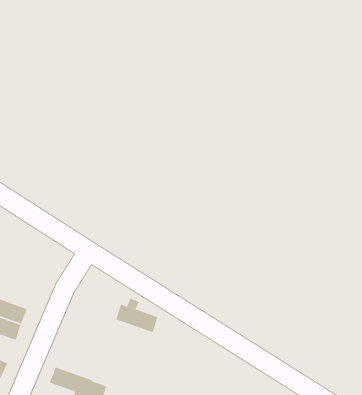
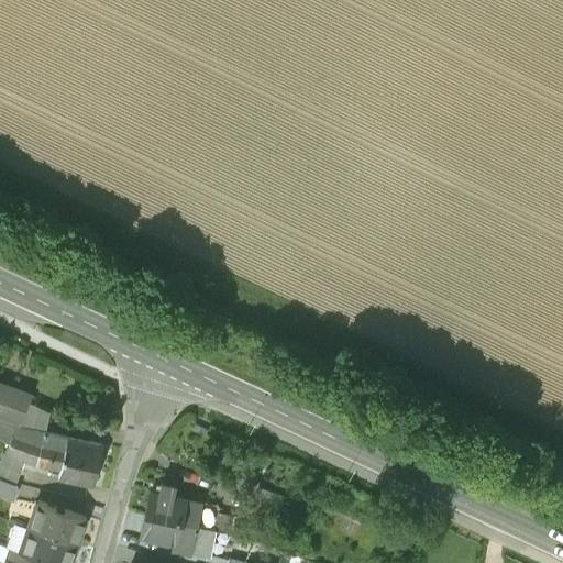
building: [115,298,159,333] -> [146,485,201,527]

